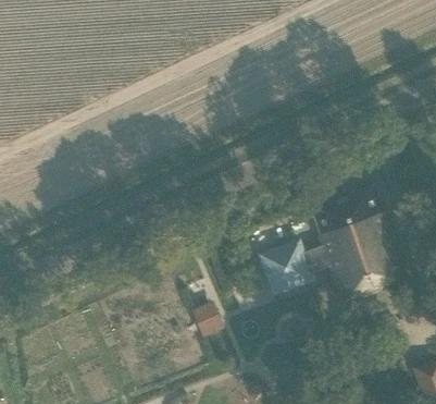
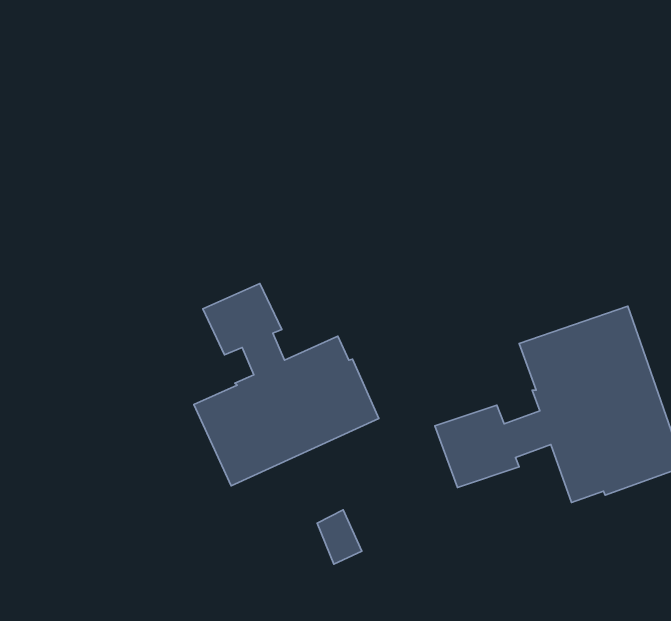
building: none -> [194,284,379,486]

